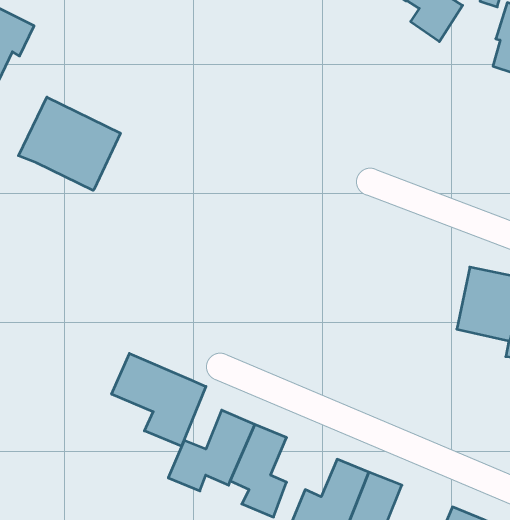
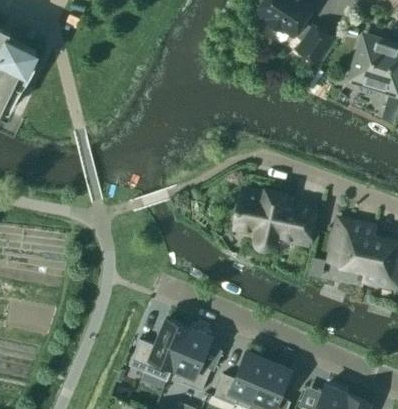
building: [18,97,120,190] -> none
building: none -> [235,192,317,250]
building: [112,353,206,446] -> none

